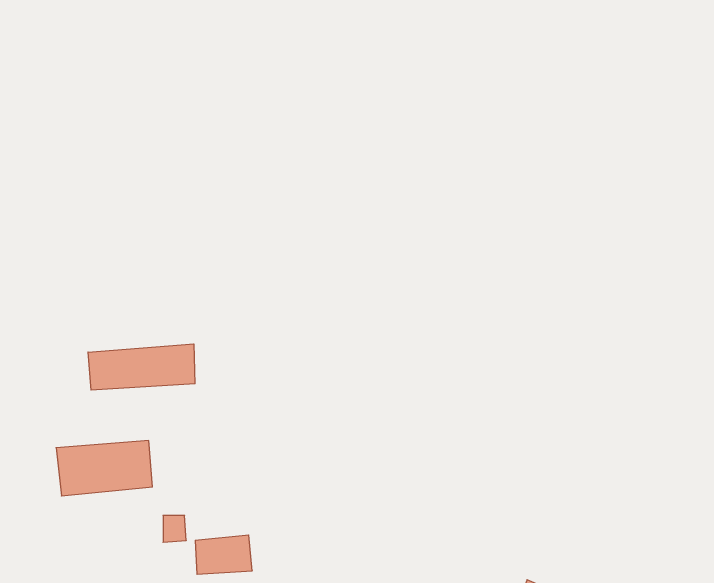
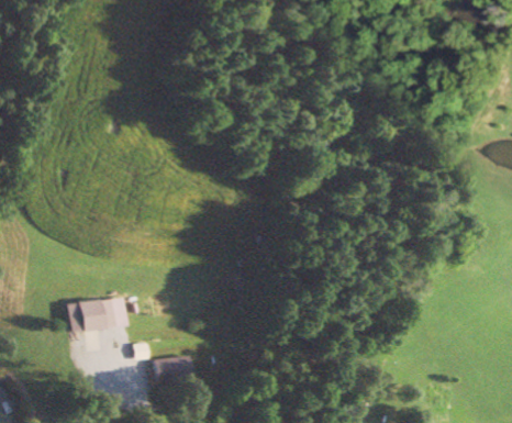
building: [88,344,195,390] -> none

